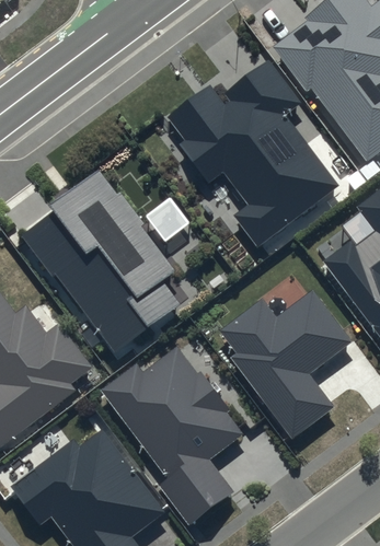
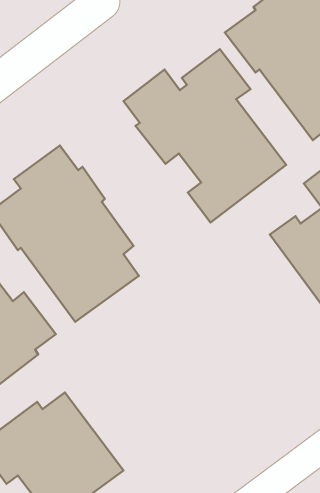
building: [220,290,354,438] -> none
building: [102,346,242,530] -> none

